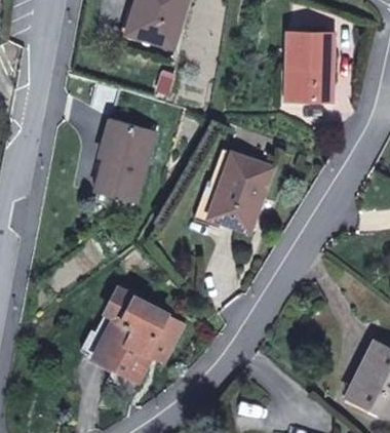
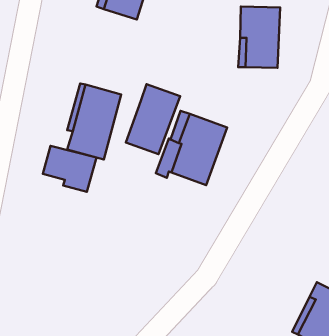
building: none -> [126,84,180,154]
building: none -> [43,146,97,192]
building: [84,288,181,381] -> none

